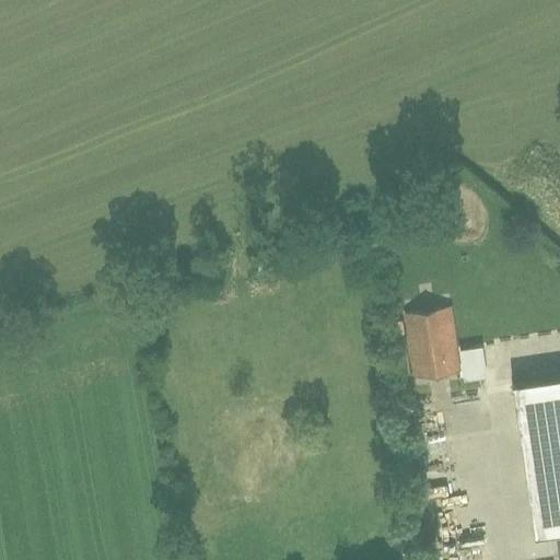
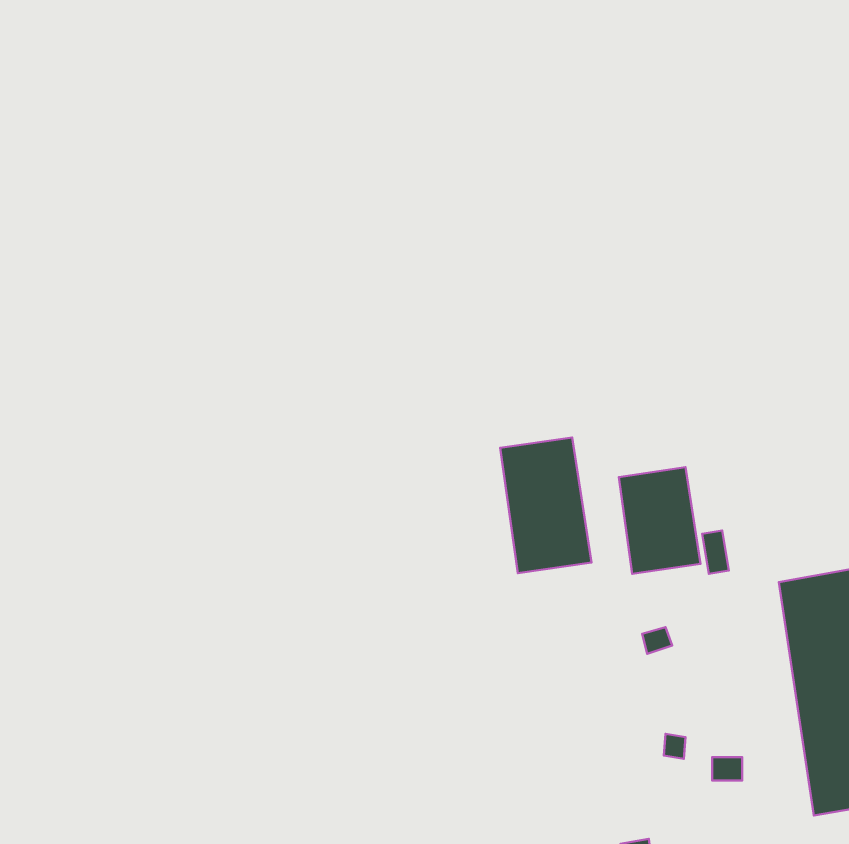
building: none -> [500,438,591,573]

